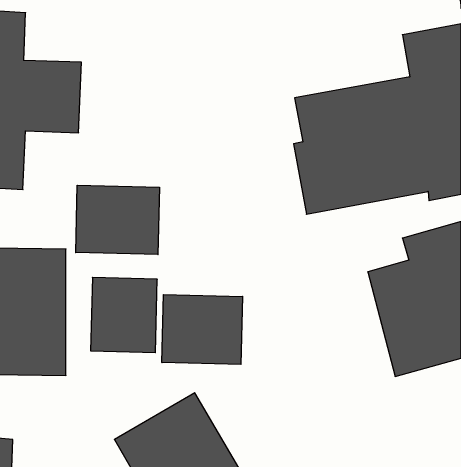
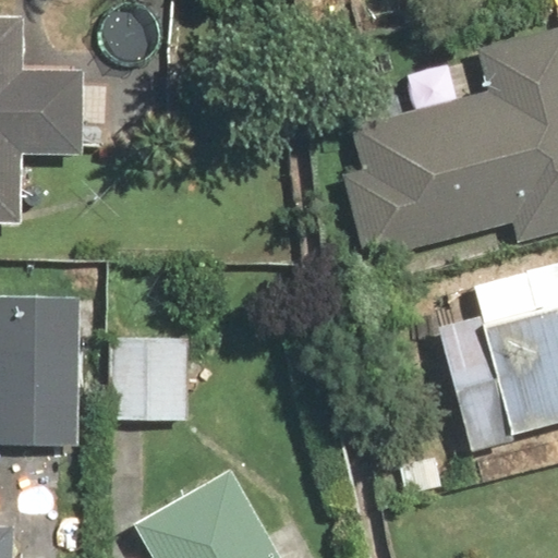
building: [76,185,159,255] -> none
building: [162,295,243,364] -> none

